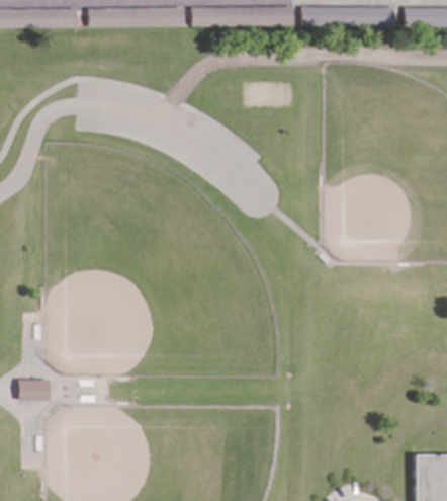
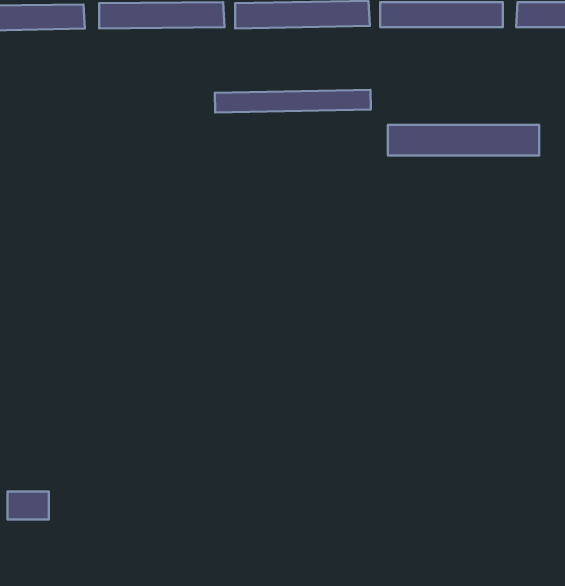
building: none -> [215,90,371,113]
building: none -> [388,125,539,155]

